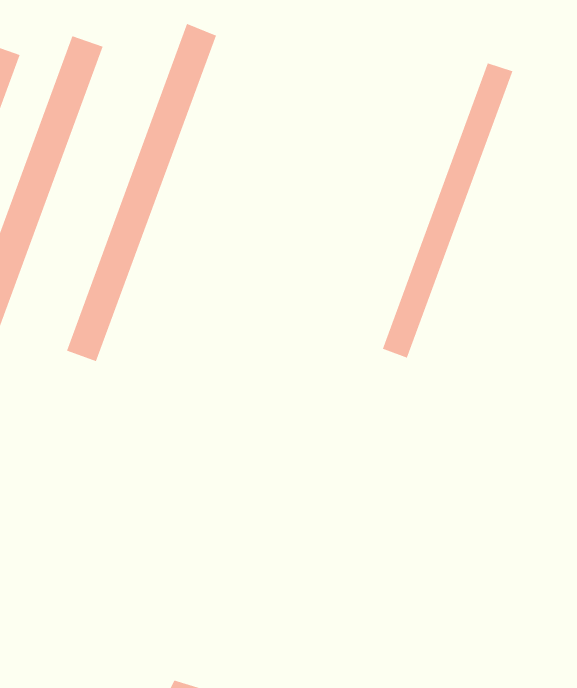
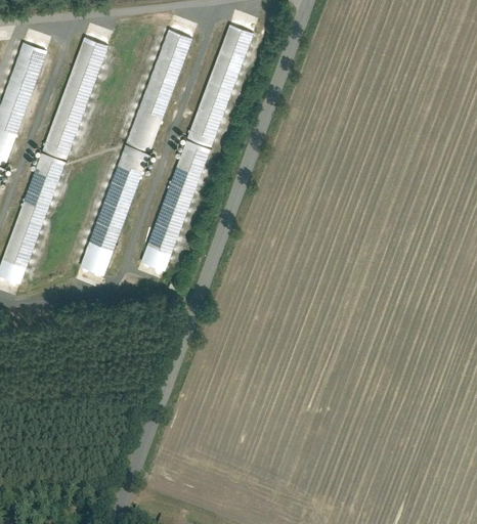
building: none -> [139,23,251,273]
building: [382,63,513,358] -> none

